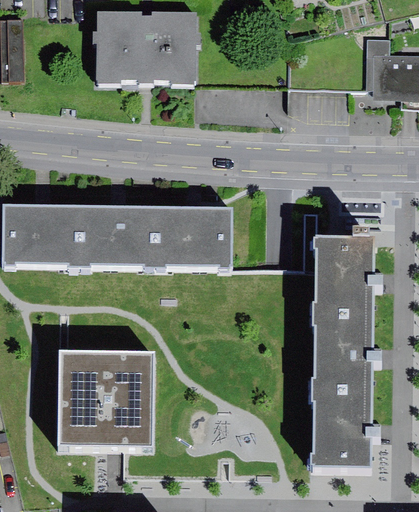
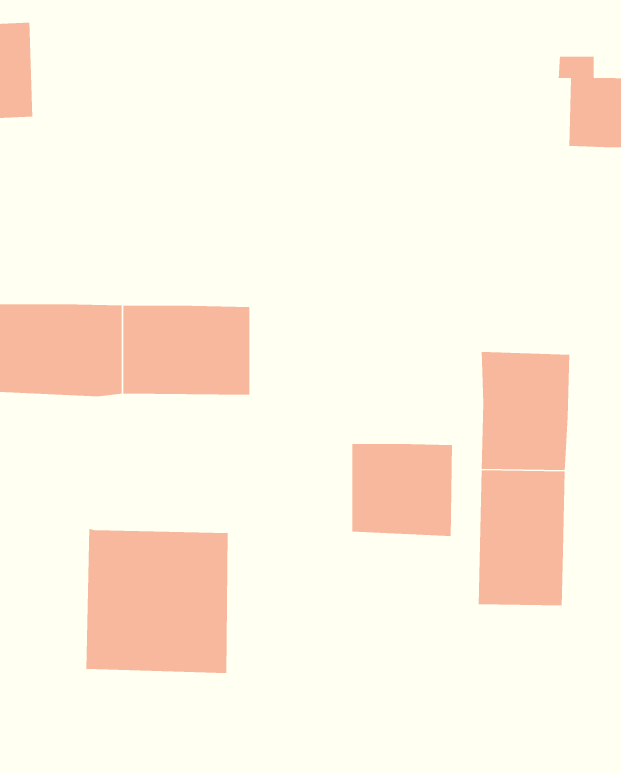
building: [95,16,195,90] -> none
building: [165,205,231,266] -> [351,443,453,537]
building: [312,399,368,463] -> none

